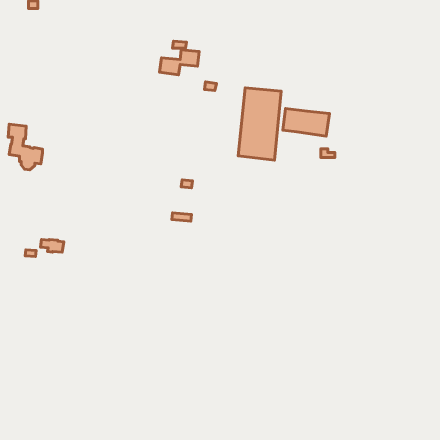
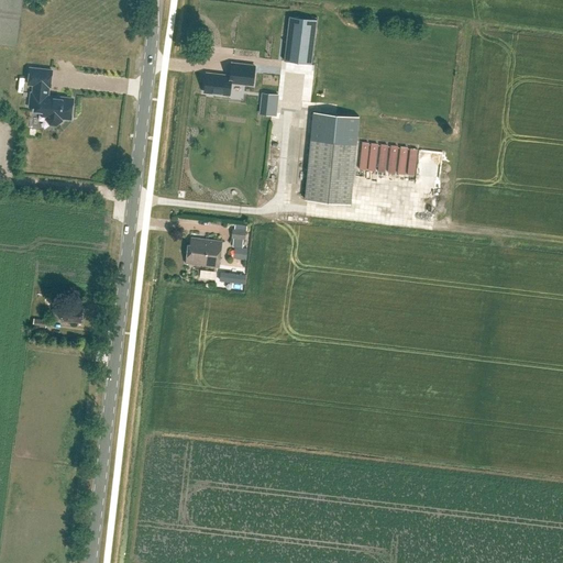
building: none -> [284,16,316,64]
building: [8,124,43,170] -> [27,68,71,126]
building: none -> [186,238,221,267]

